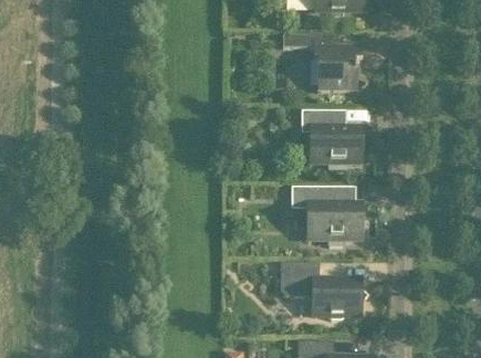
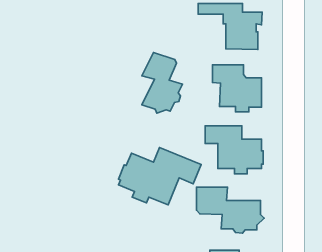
building: none -> [142,52,183,113]
building: none -> [118,148,201,205]

